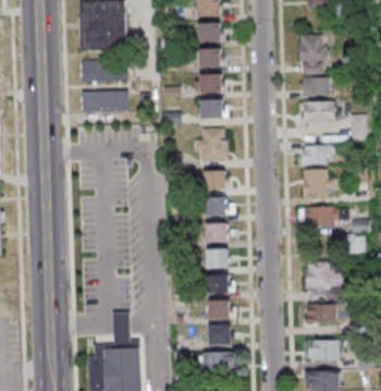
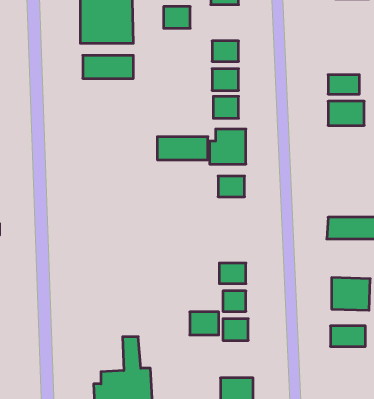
building: [197,22,221,41] -> [164,7,190,28]
building: [298,35,323,74] -> none
building: [81,91,126,112] -> [157,137,208,160]
building: [298,147,334,166] -> none
building: [302,170,332,197] -> none
building: [204,196,230,215] -> none
building: [202,222,228,242] -> none
building: [207,323,233,344] -> [190,312,219,335]
building: [304,341,339,362] -> none

